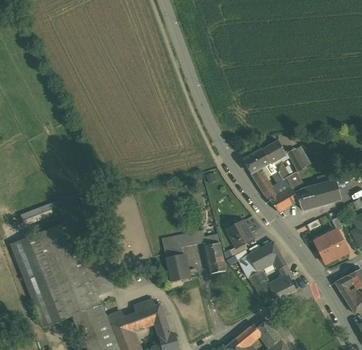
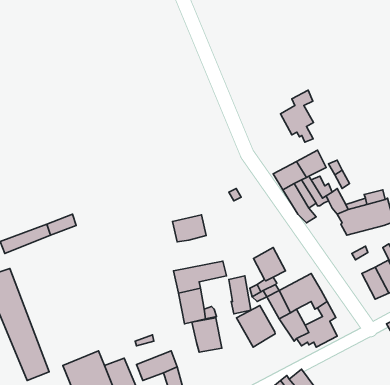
building: none -> [280,90,314,142]
building: [269,187,298,211] -> none
building: none -> [172,215,206,242]
building: [28,220,100,320] -> none
building: none -> [236,306,275,347]
building: none -> [192,318,222,352]

